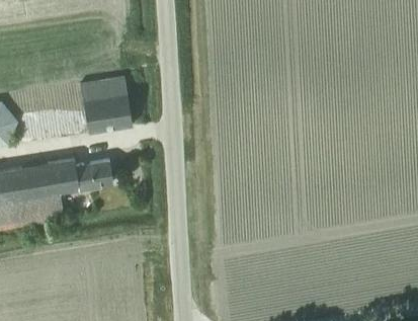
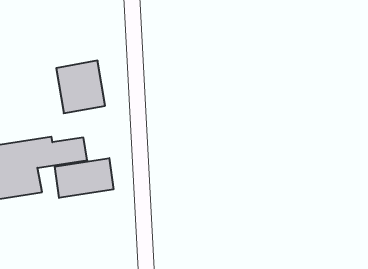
building: none -> [55,158,113,198]

